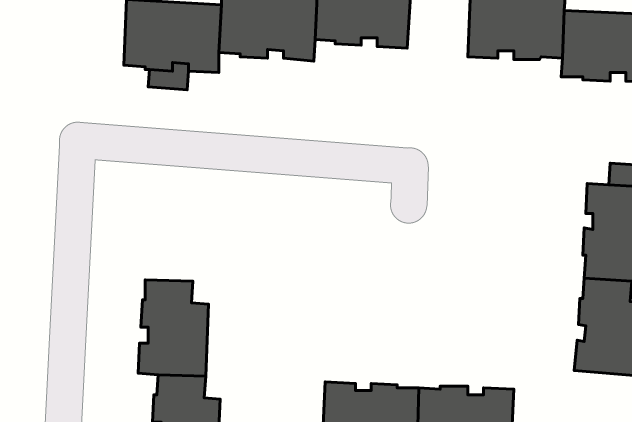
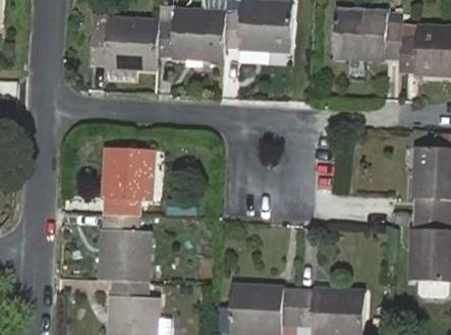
building: none -> [104,148,154,216]

